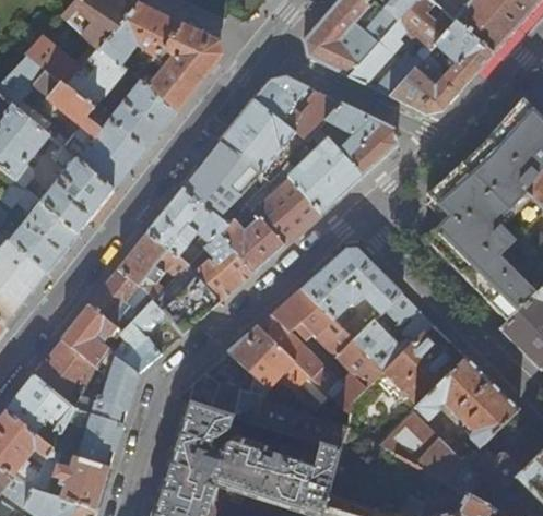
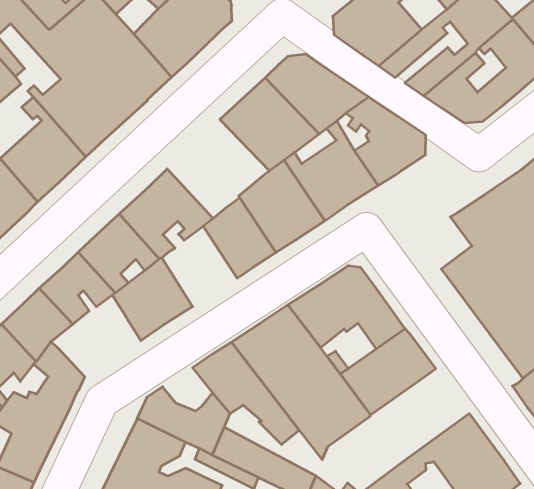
building: [184,141,270,225] -> none
building: [190,232,256,301] -> none
building: [114,301,182,373] -> none
building: [385,334,468,405] -> none

